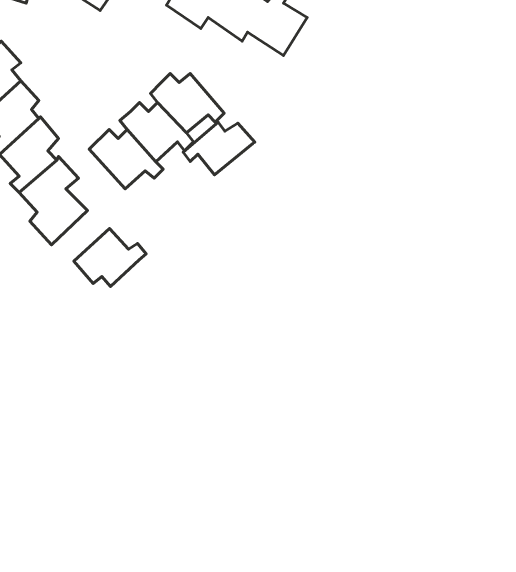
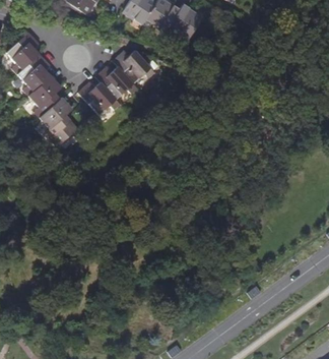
building: [183,122,255,175] -> none
building: [74,228,146,287] -> none

